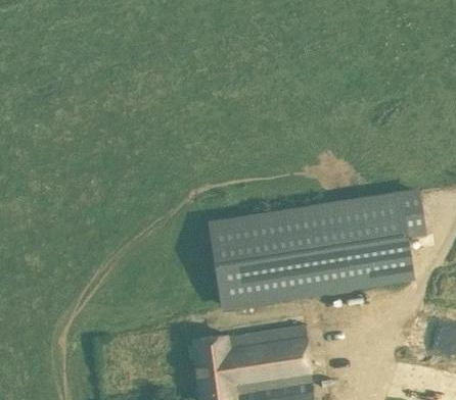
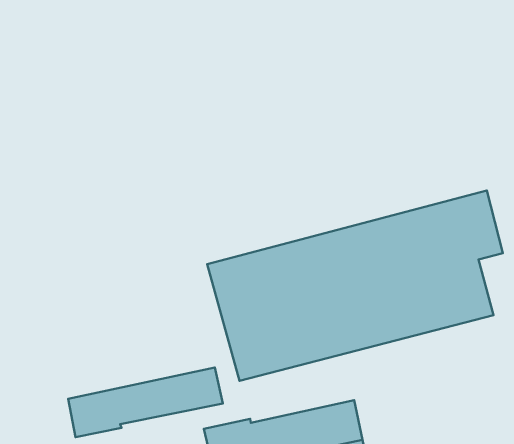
building: none -> [68,368,223,437]

